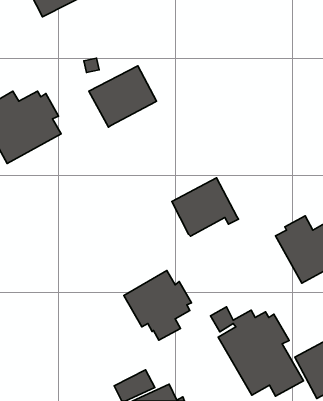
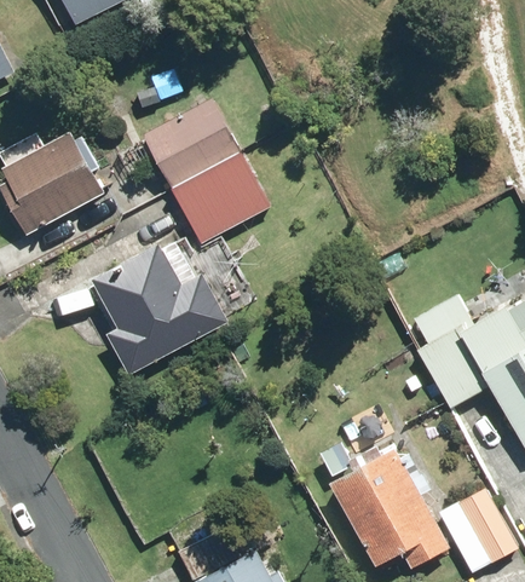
building: none -> [94,241,229,374]
building: [172,178,238,236] -> [174,149,270,232]
building: [124,271,191,340] -> none

